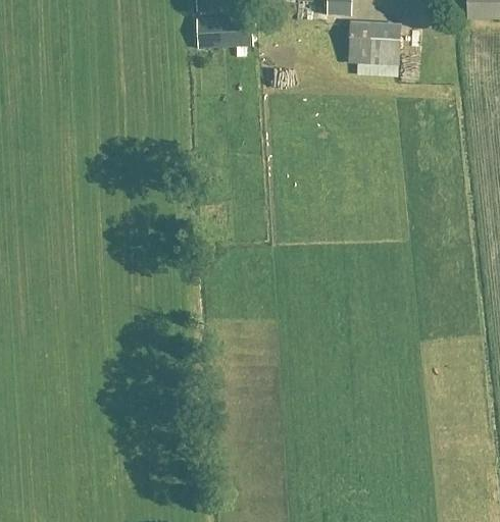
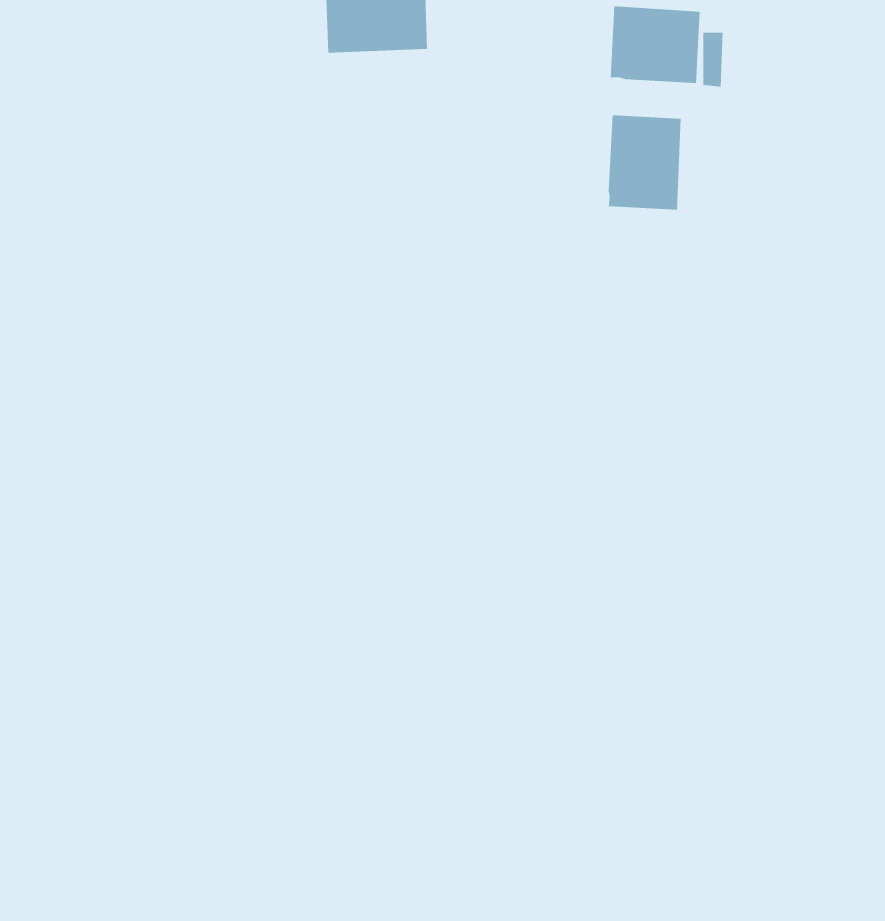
building: none -> [608,115,681,210]

